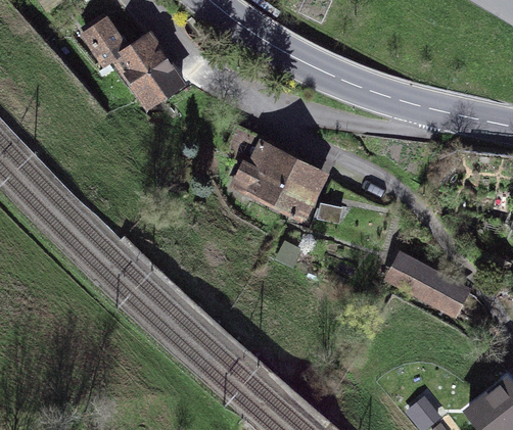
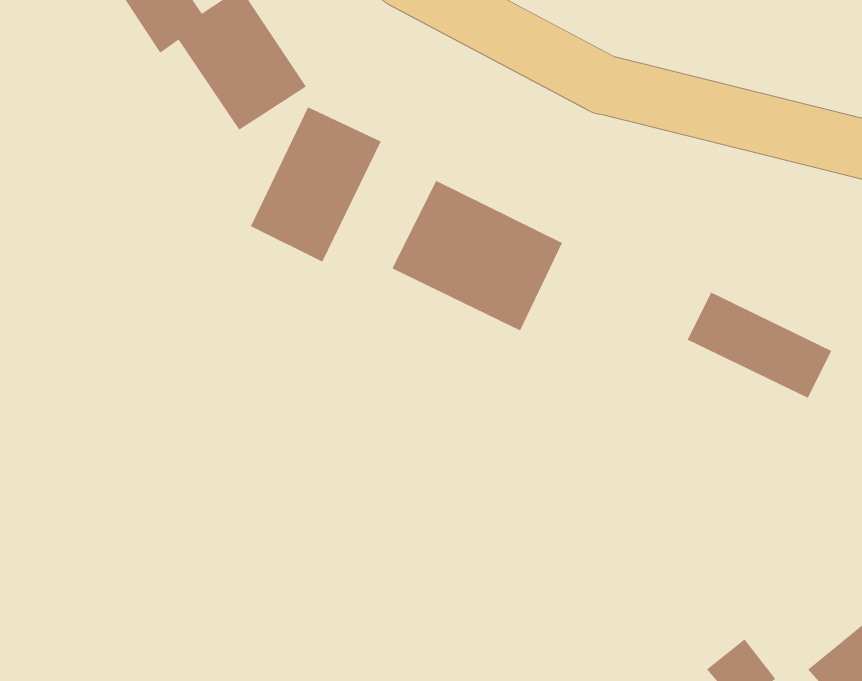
building: none -> [250,107,382,262]
building: [388,253,469,313] -> [687,292,832,399]

